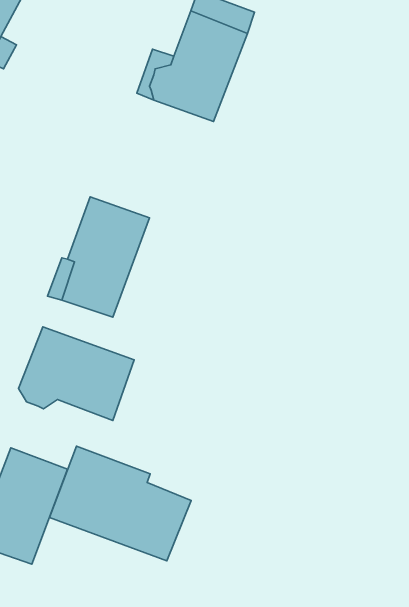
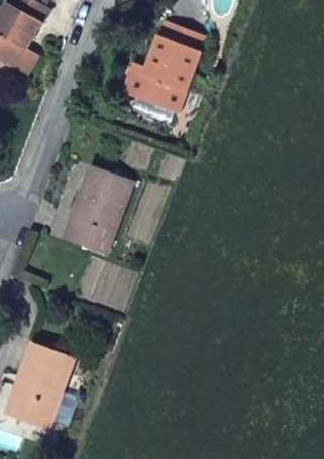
building: [19,327,134,421] -> none
building: [49,446,191,561] -> none

